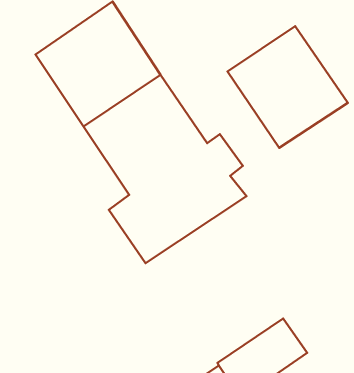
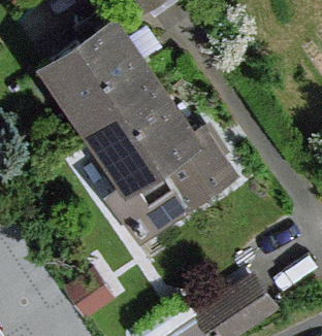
building: [228,26,348,148] -> none

